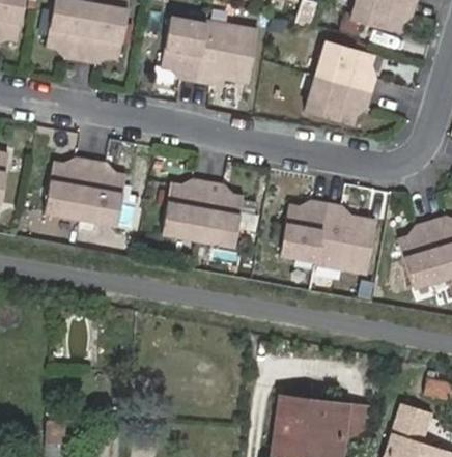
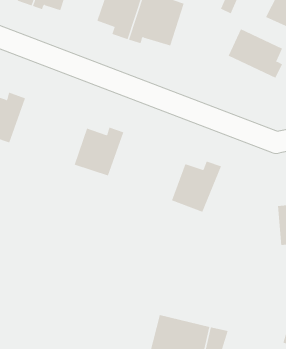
building: [305,78,373,124] -> none
building: [84,165,122,225] -> none
building: [202,184,242,244] -> none
building: [314,204,375,278] -> none

